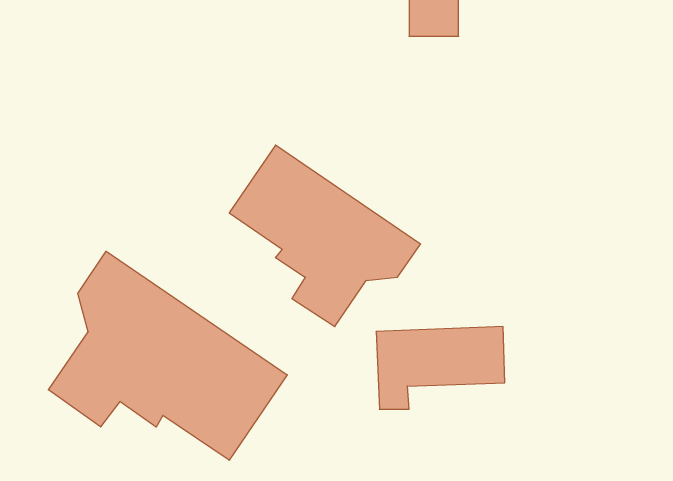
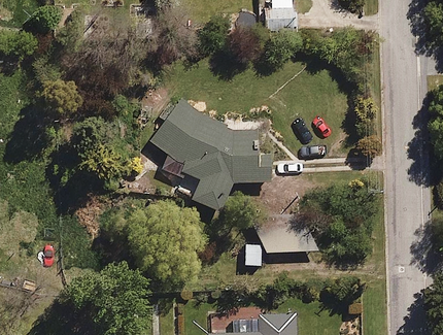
building: [48,251,287,460] -> none

